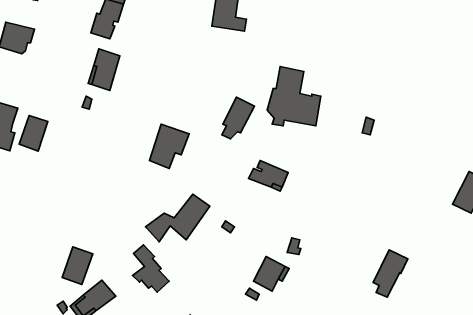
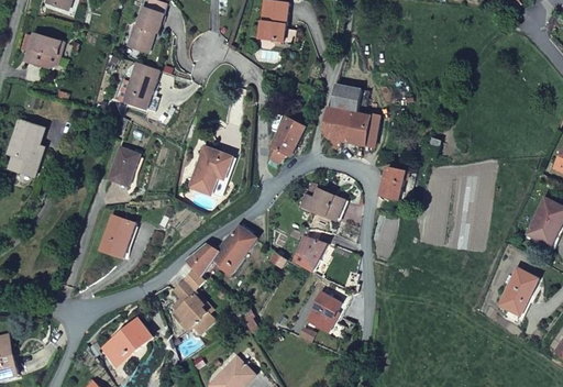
building: [19,116,48,151] -> [109,146,141,186]
building: none -> [380,167,416,199]
building: none -> [292,236,327,272]
building: [62,247,93,284] -> [101,214,135,256]
building: [373,250,408,297] -> [499,269,538,322]

